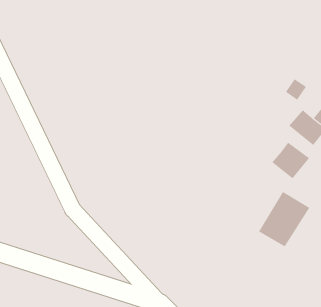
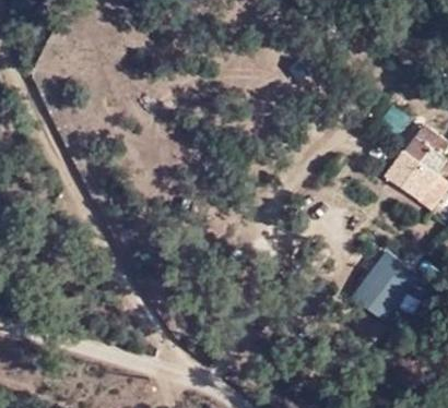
building: [272,142,310,179] -> none

